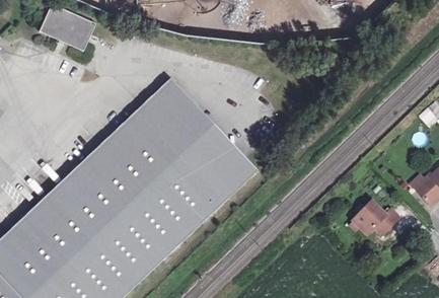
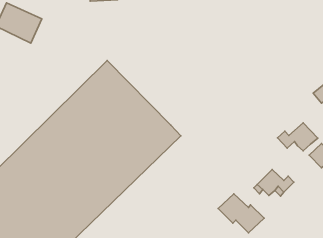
building: none -> [277,123,318,151]
building: none -> [218,194,264,233]

